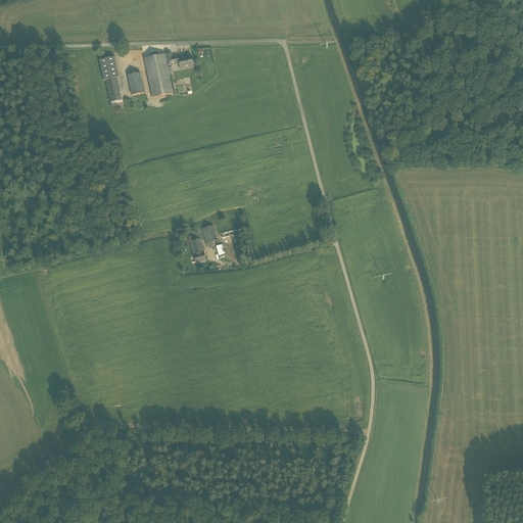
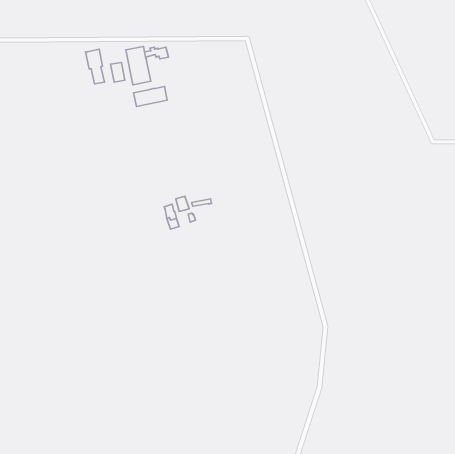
building: none -> [133,86,167,106]

